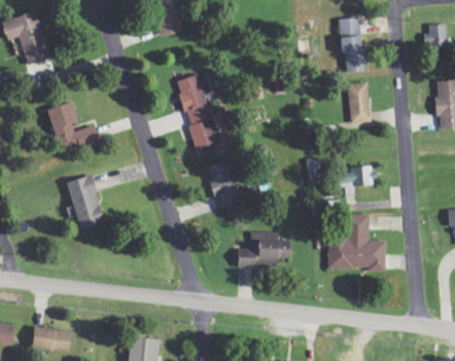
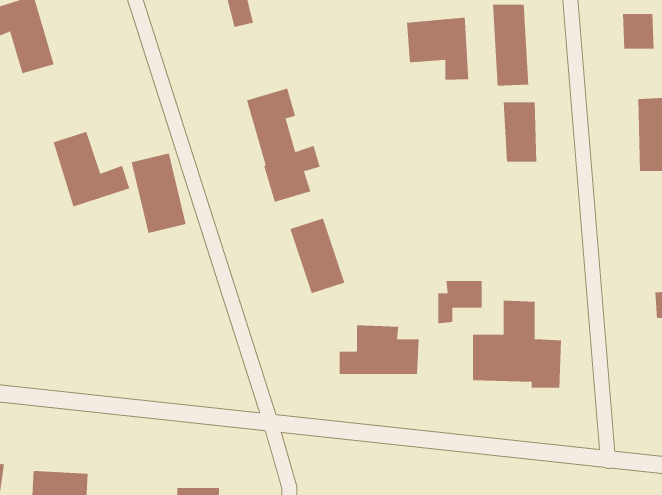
building: none -> [407,17,469,81]
building: [344,167,374,195] -> [438,280,482,324]
building: [67,175,104,228] -> [131,153,186,233]

